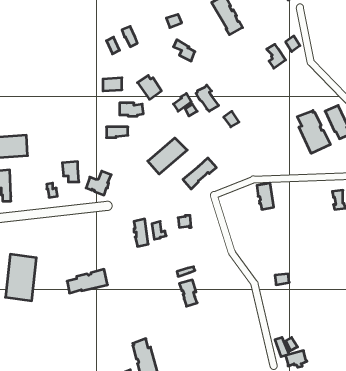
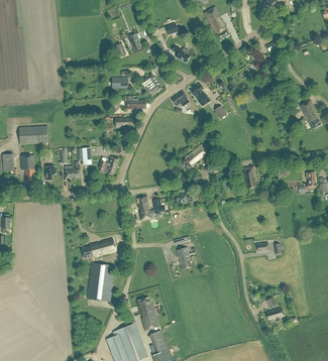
building: [297,110,330,153] -> none
building: [148,138,187,174] -> none
building: [5,254,36,301] -> [87,262,113,302]

